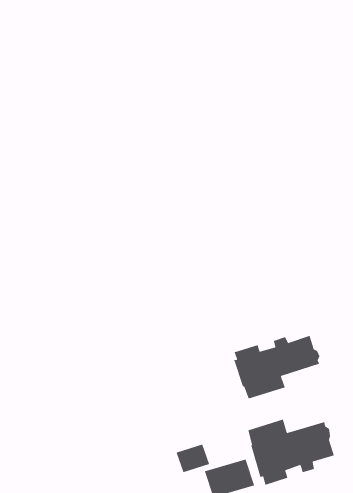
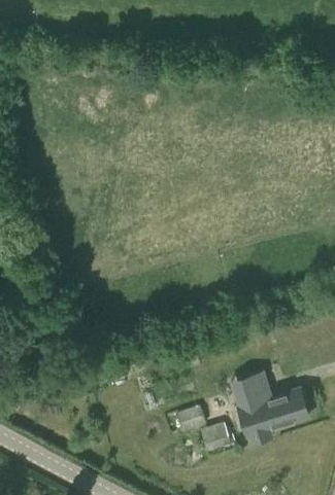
building: [233,335,321,399] -> none

